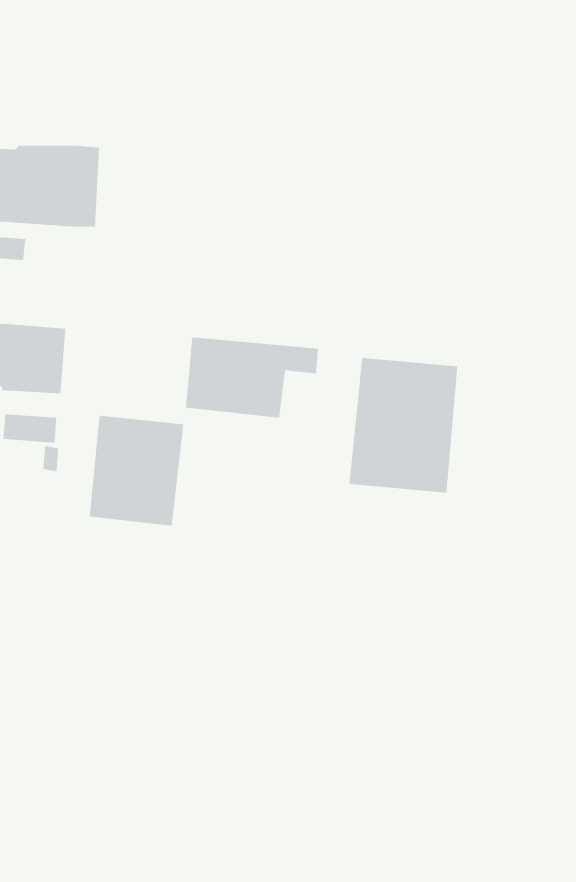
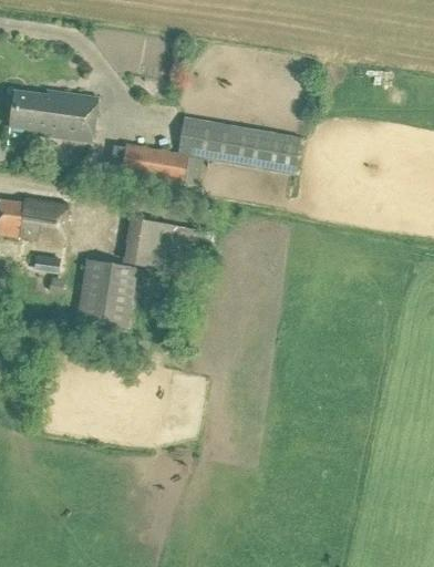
building: none -> [121,115,300,187]
building: [349,357,458,494] -> none

